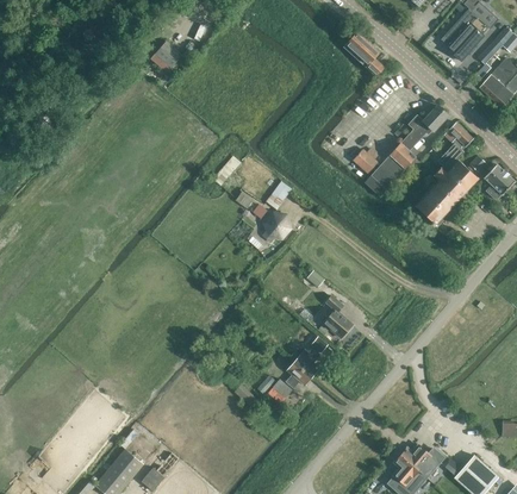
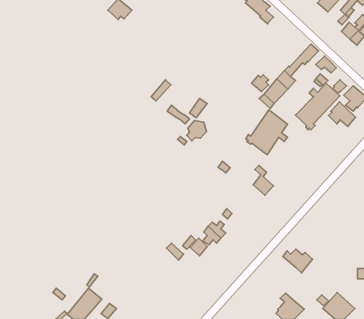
building: none -> [328,102,356,126]
building: none -> [246,110,288,155]
building: [324,295,353,337] -> [253,165,273,195]
building: [401,444,443,477] -> [283,249,313,273]

